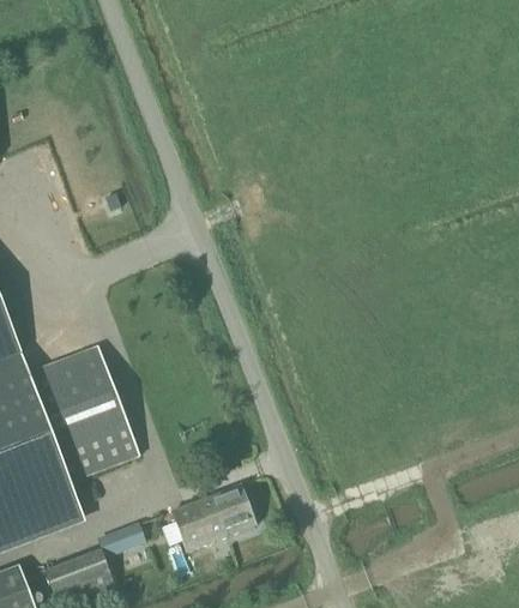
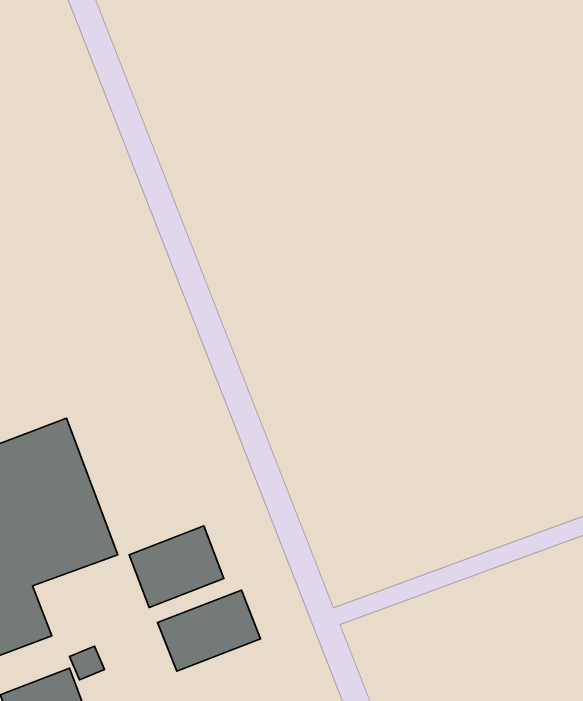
building: none -> [129,526,224,607]

